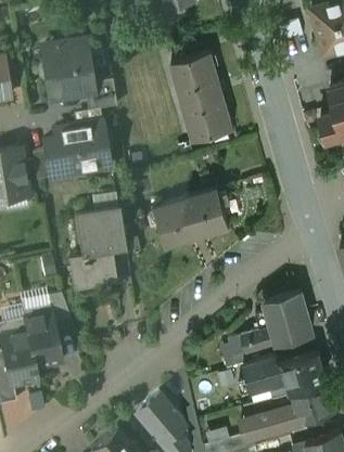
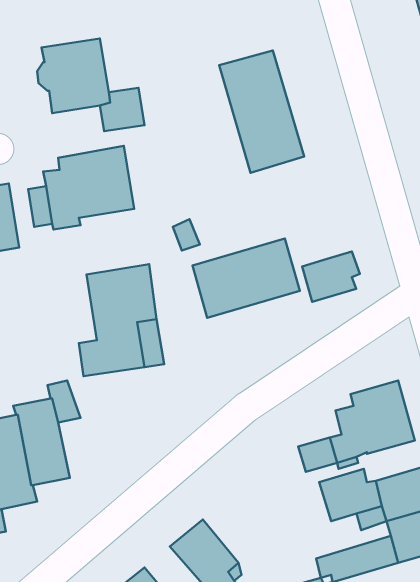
building: none -> [302,252,360,302]

